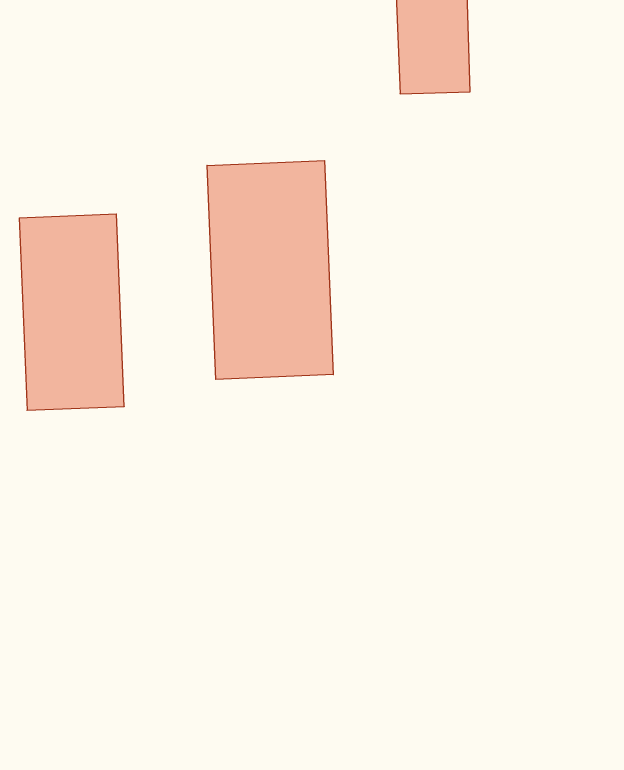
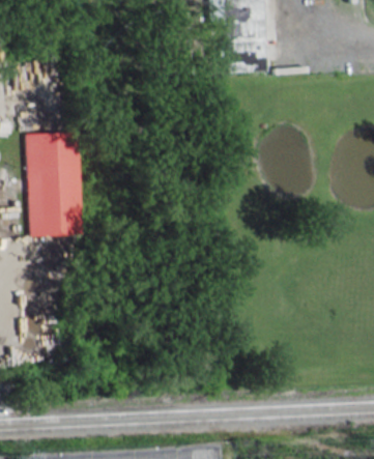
building: [207,161,333,379] -> none

